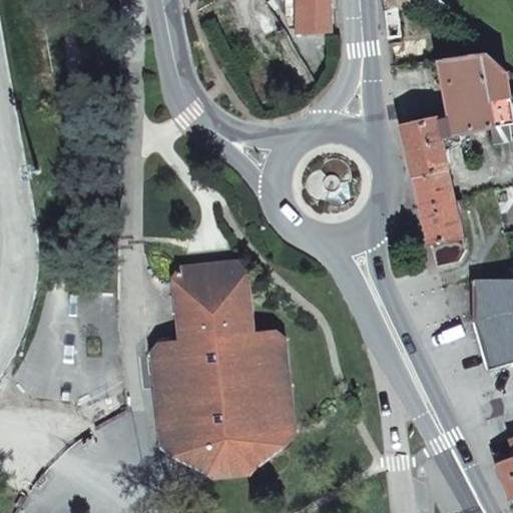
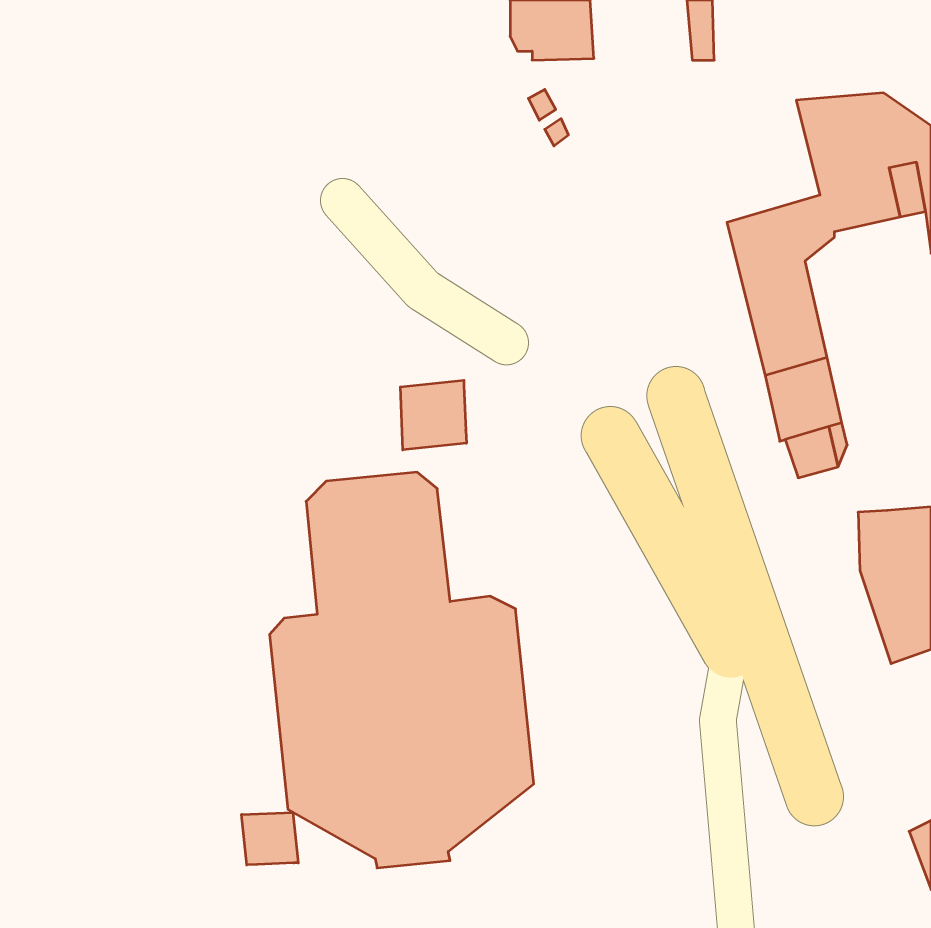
building: none -> [400,380,466,450]
building: none -> [242,812,298,865]

